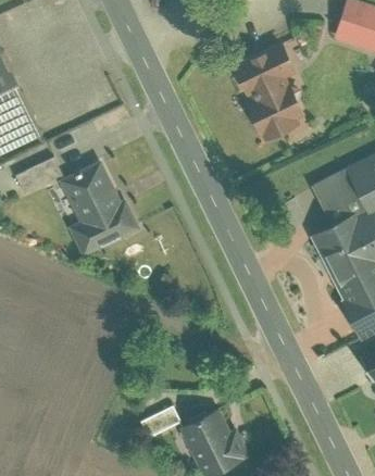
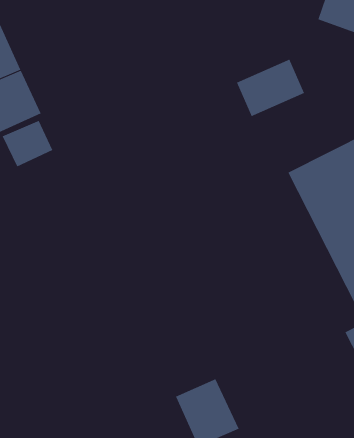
building: [225,41,298,108] -> none
building: [63,162,142,255] -> none
building: [140,405,182,437] -> none

